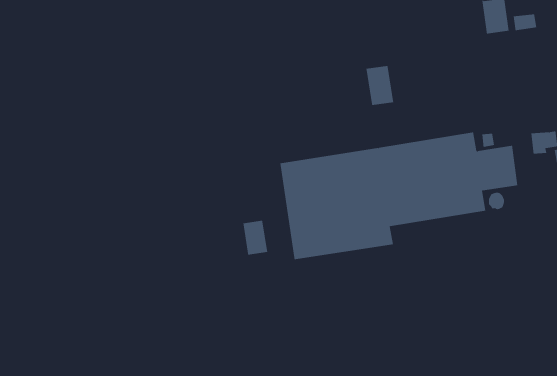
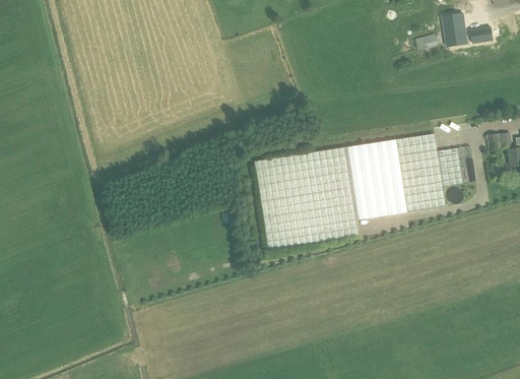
building: [366,65,394,106] -> none
building: [243,220,268,255] -> none

